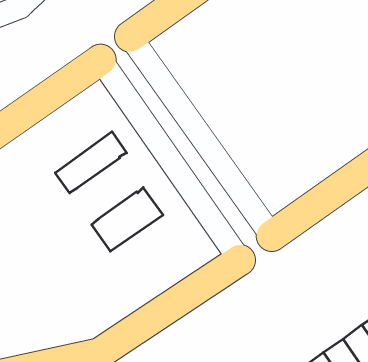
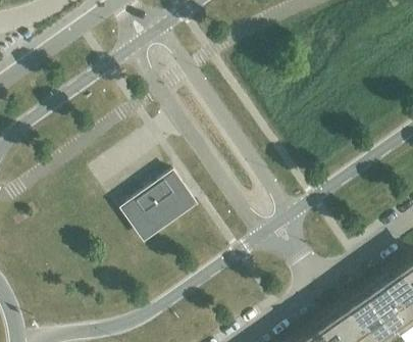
building: [55,132,127,193] -> none

